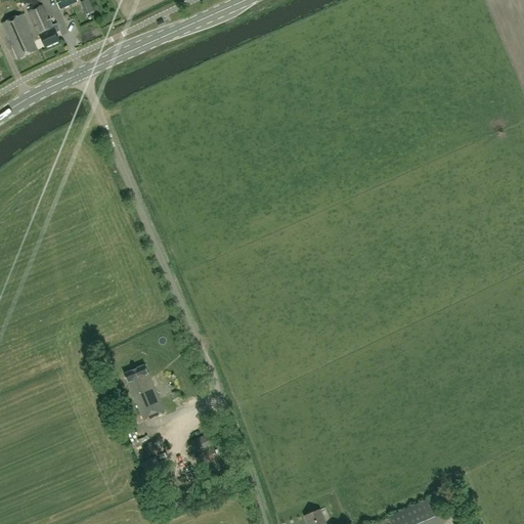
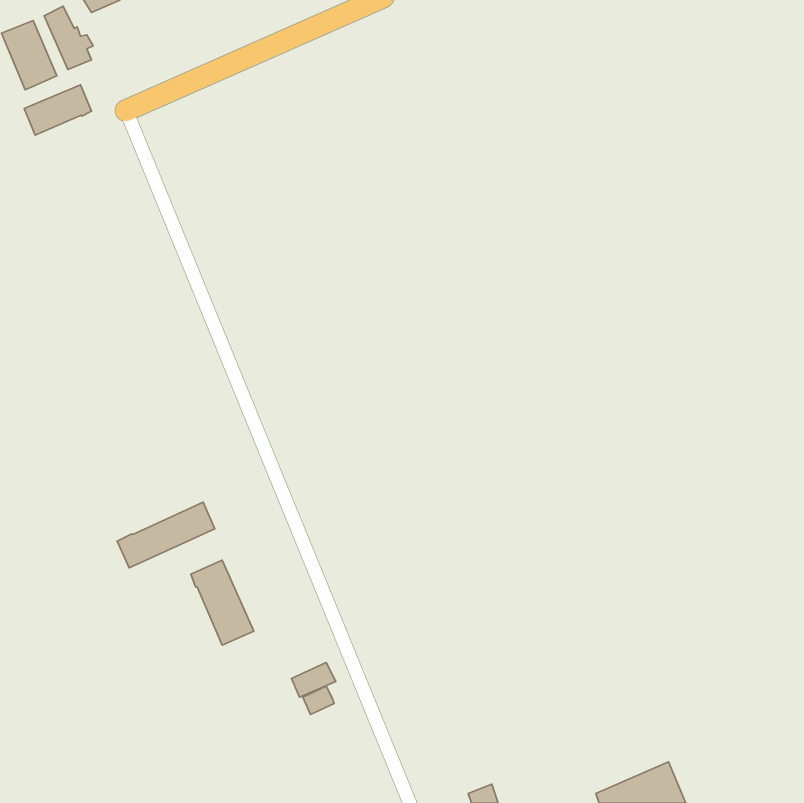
building: none -> [24,85,91,135]
building: none -> [117,502,215,568]

